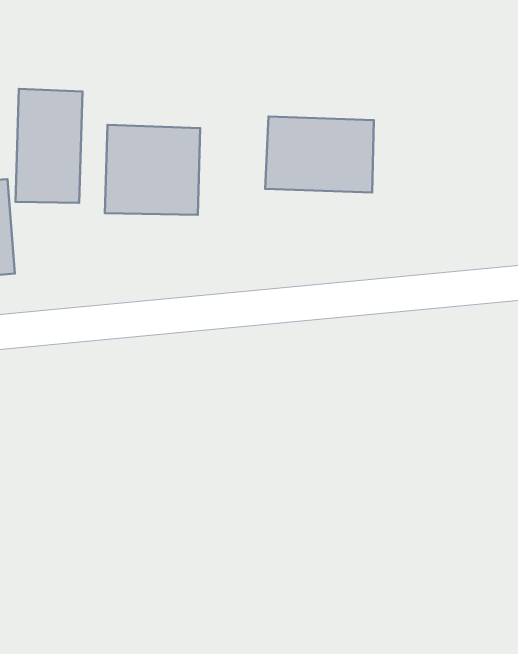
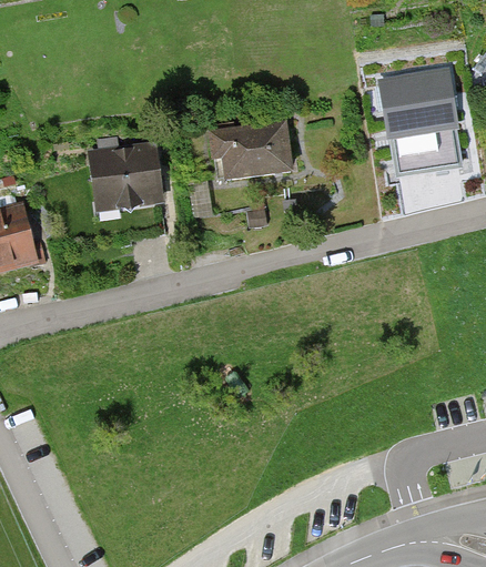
building: [16,89,83,203] -> none

